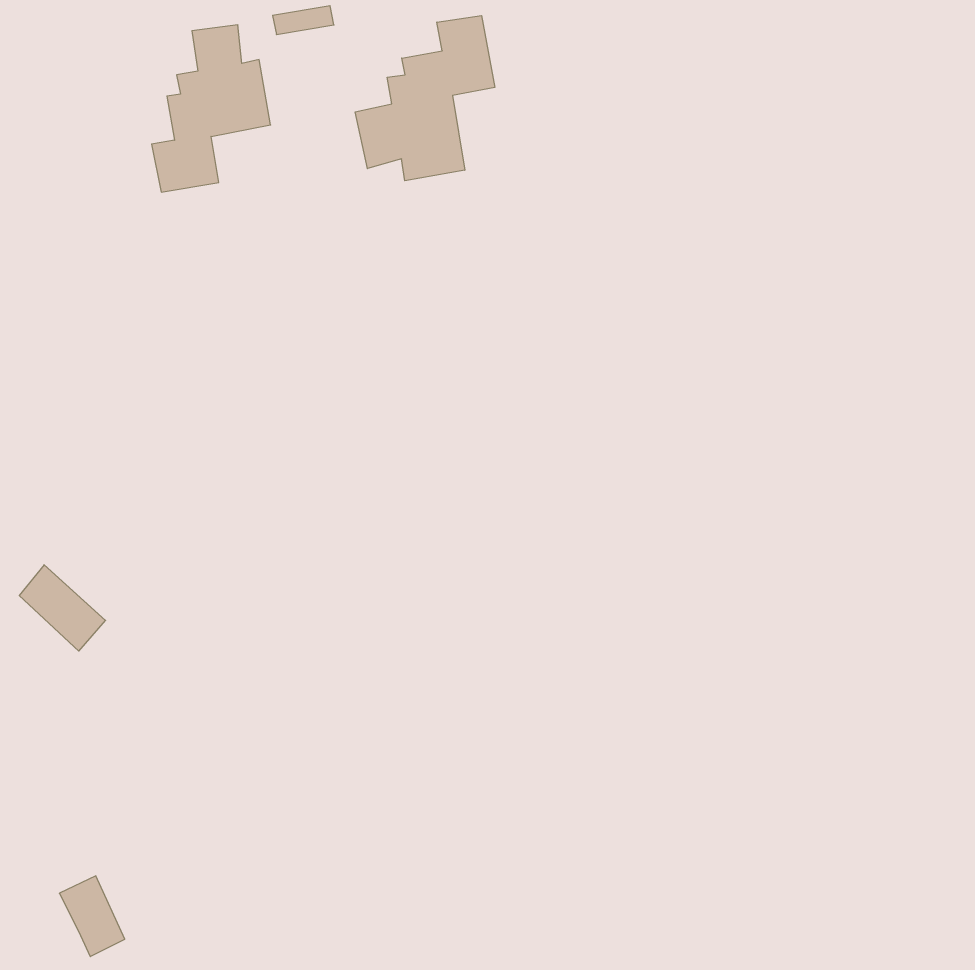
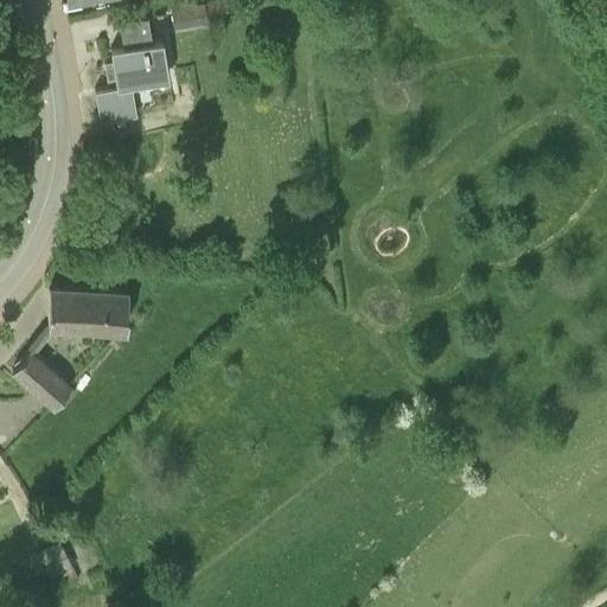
building: [355,16,495,181] -> none
building: none -> [51,290,127,333]

